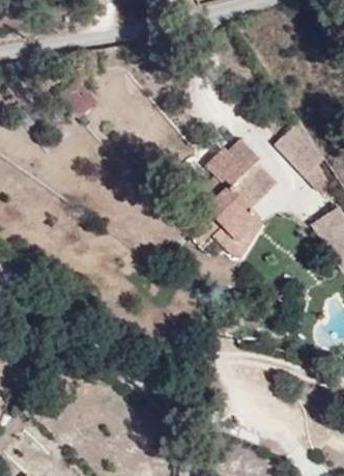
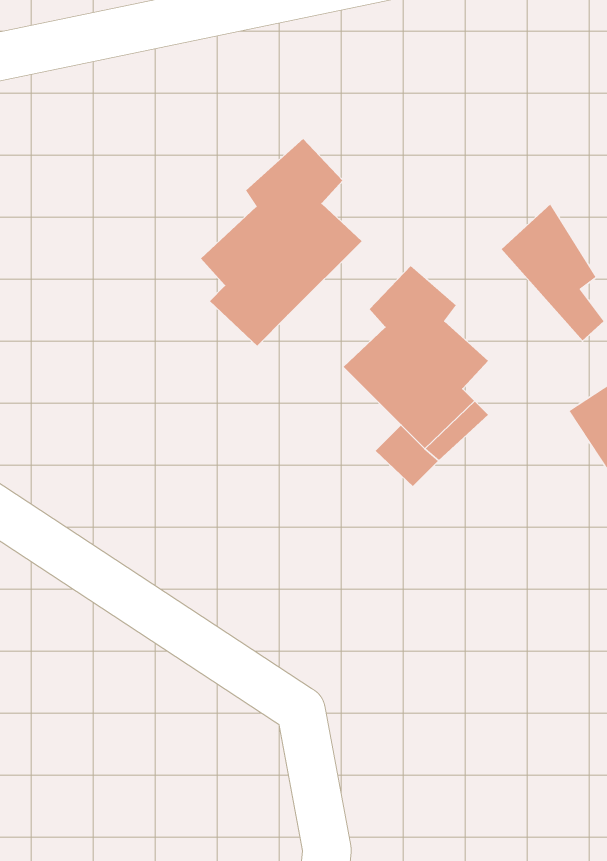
building: none -> [200,138,363,346]

